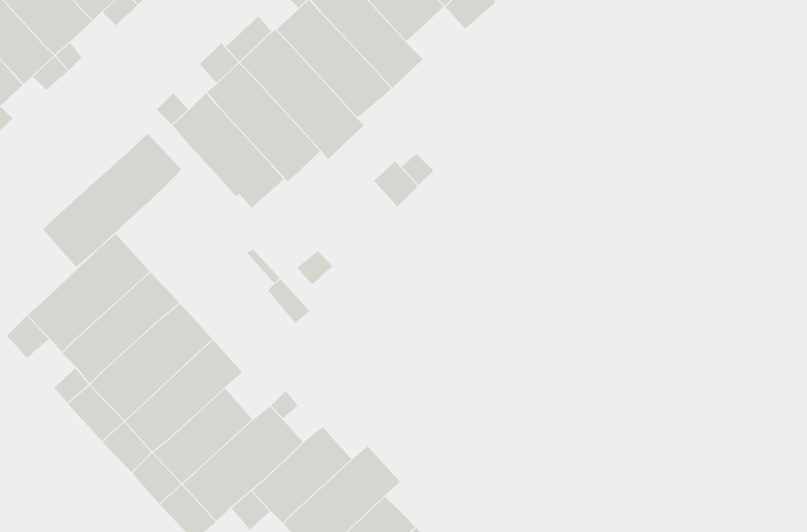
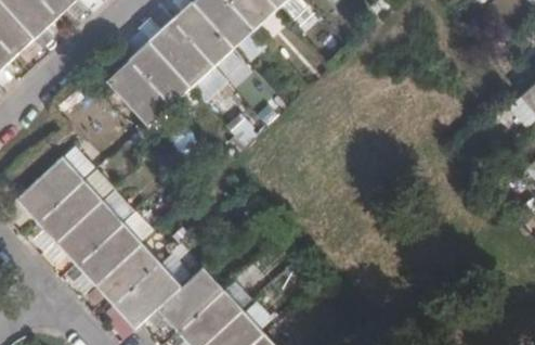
building: [42,133,182,268] -> none

